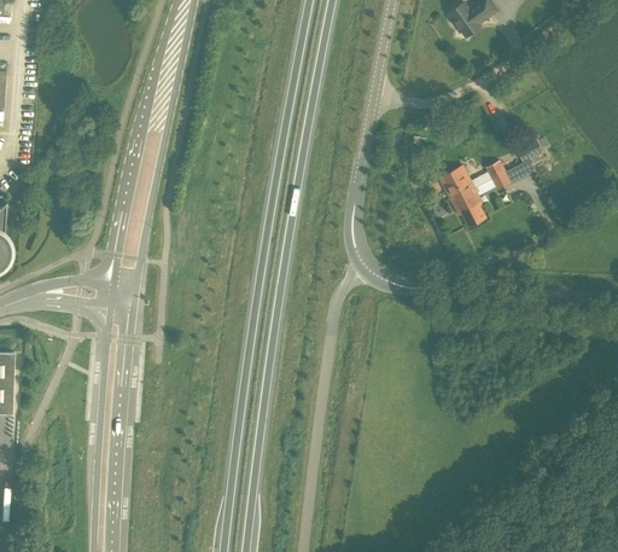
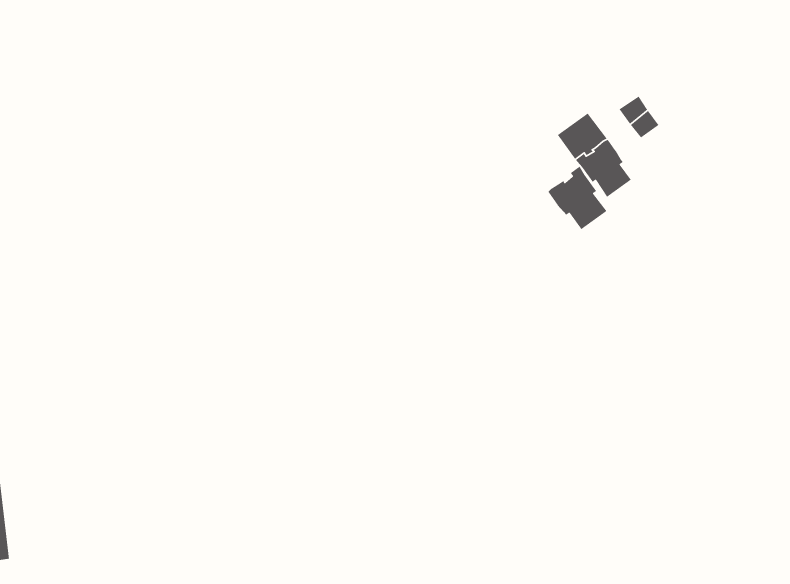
building: none -> [547,166,608,230]

